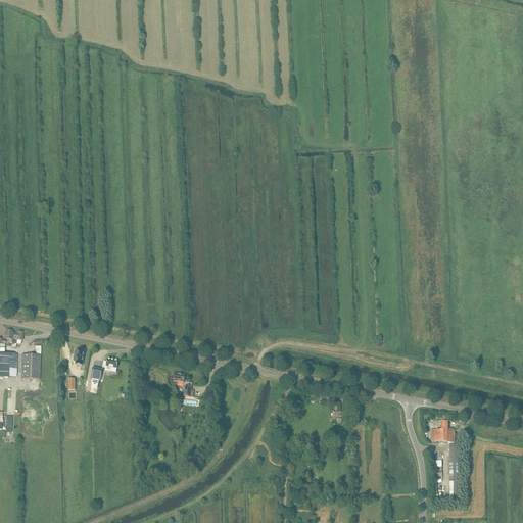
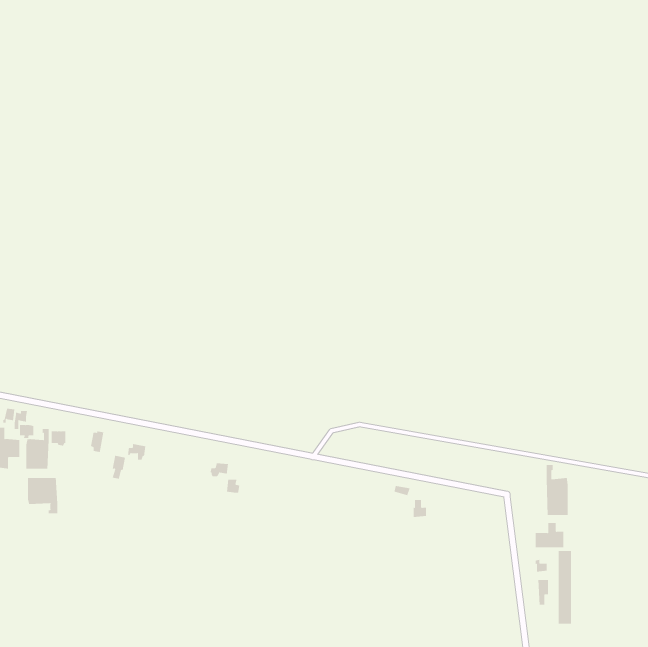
building: none -> [546,464,568,516]
building: none -> [27,477,58,514]

